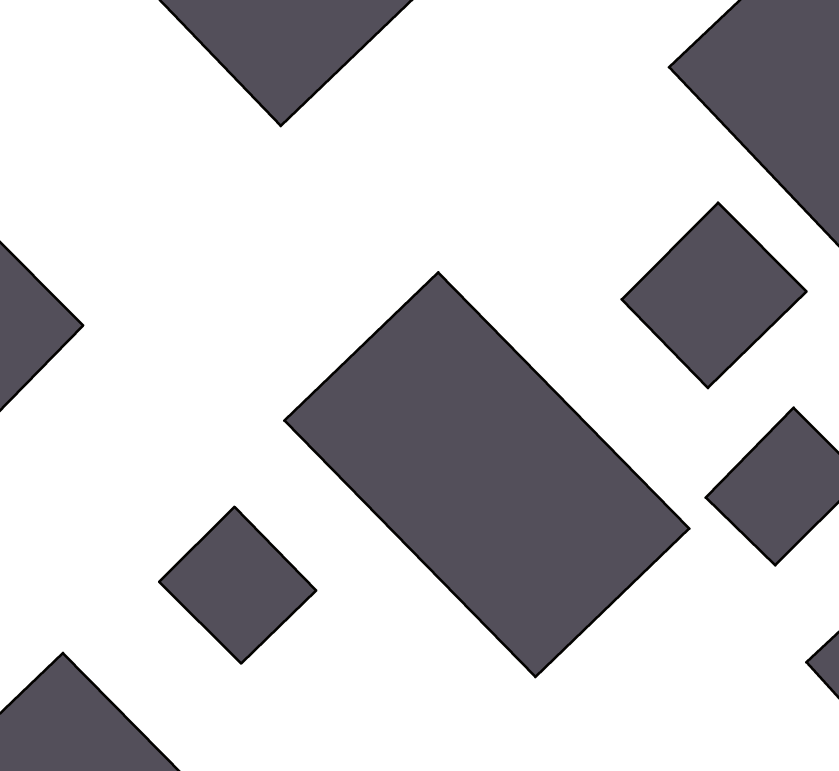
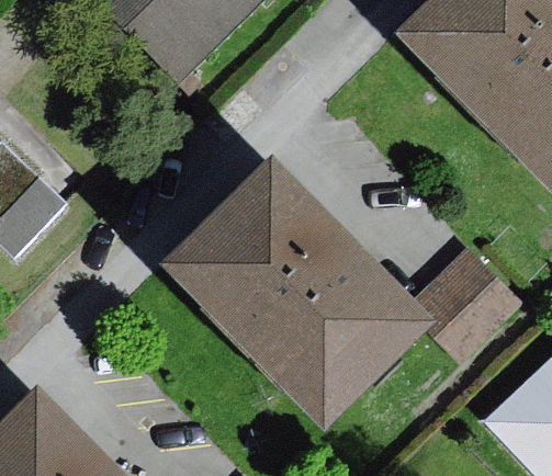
building: [622,203,806,388] -> none
building: [159,507,316,663] -> none

